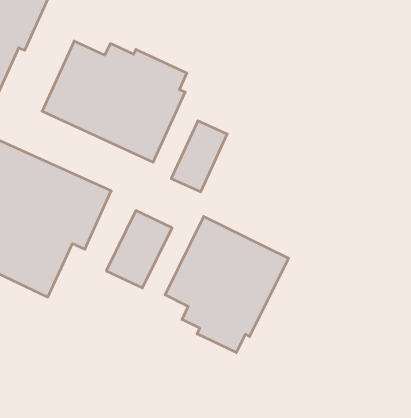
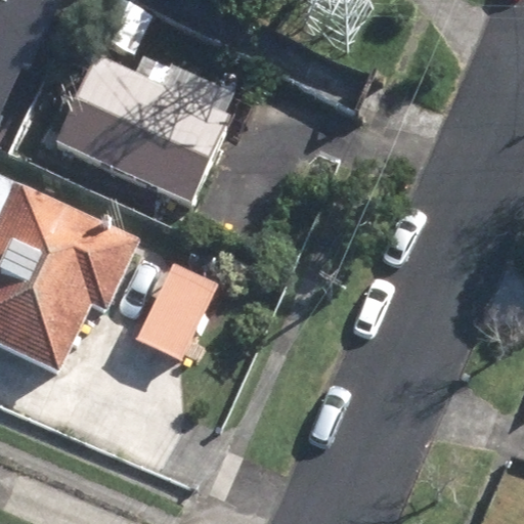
building: [165,216,288,353] -> none

